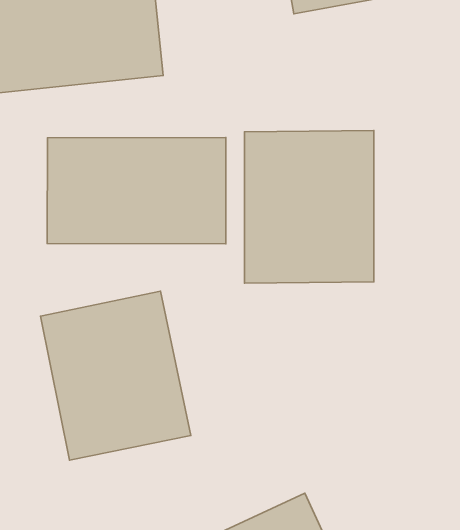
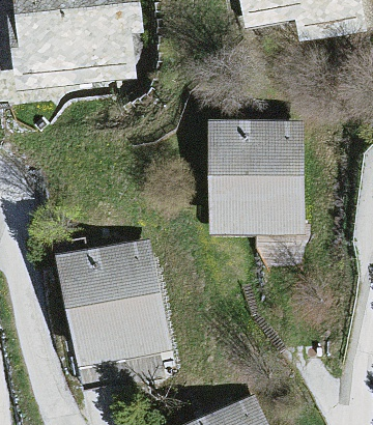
building: [47,137,226,244] -> none

